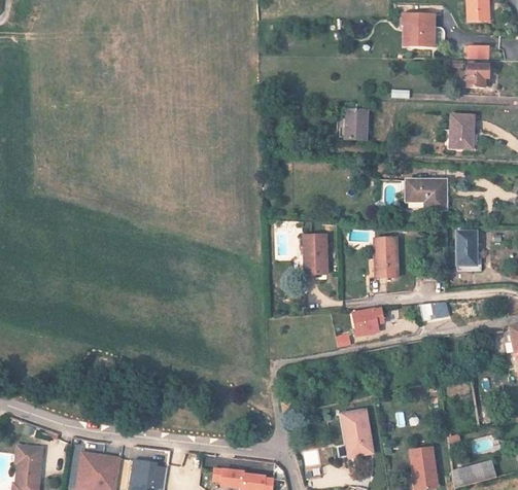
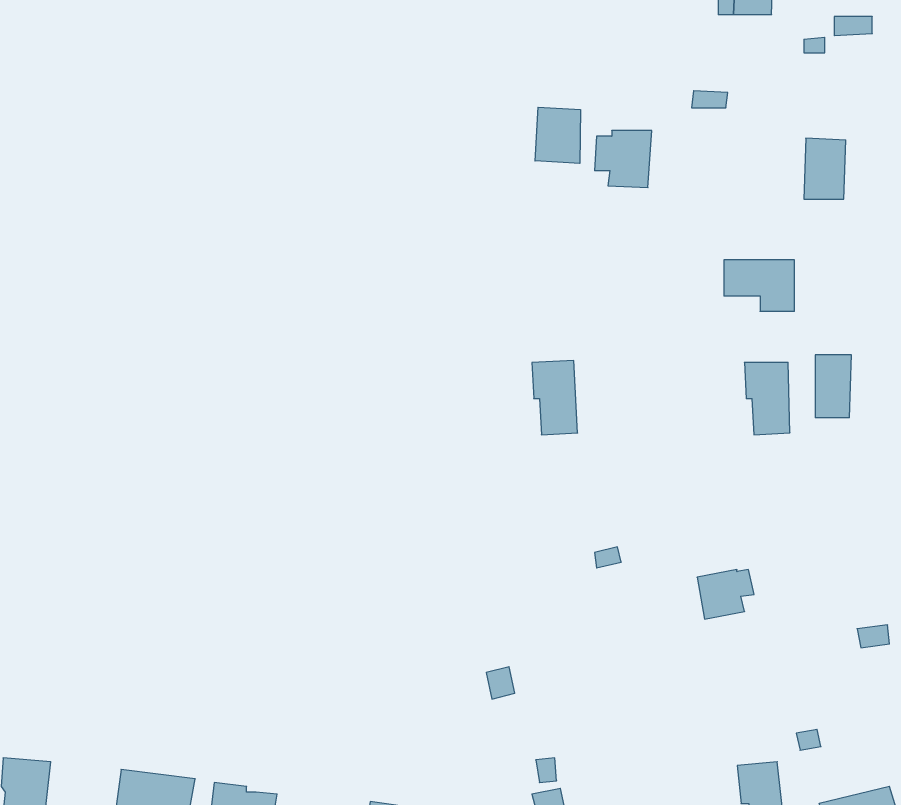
building: [460,63,487,83] -> none
building: none -> [535,107,580,163]
building: [373,237,398,276] -> [744,362,790,435]
building: [351,308,382,335] -> [697,570,754,619]
building: [339,415,370,461] -> none

